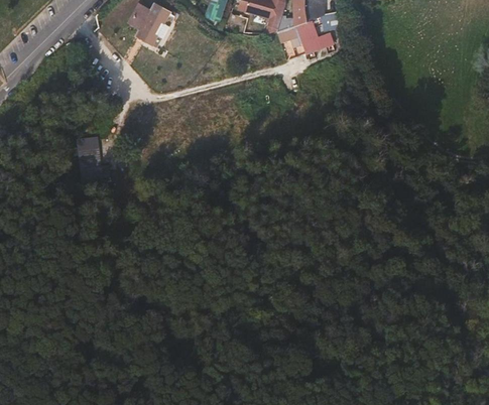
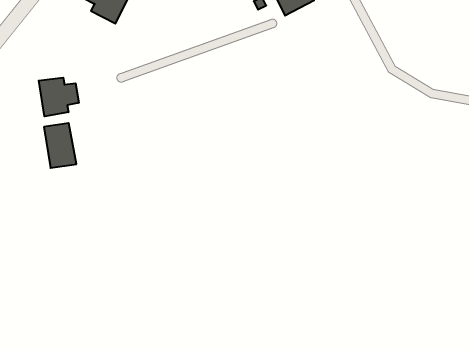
building: none -> [39,78,79,116]

